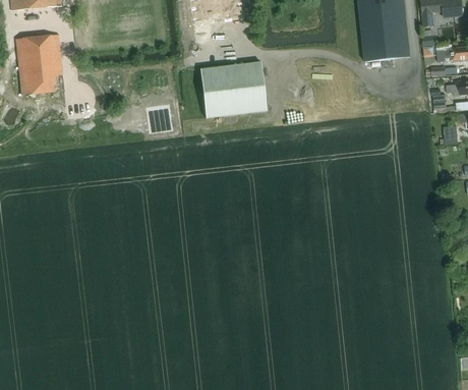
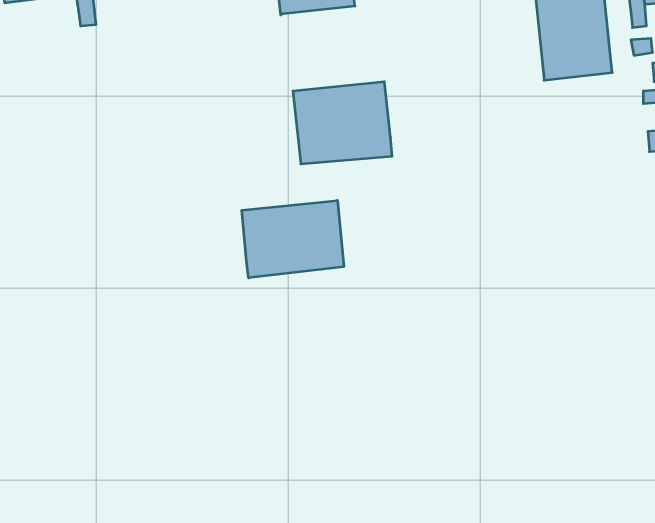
building: [15,35,63,96] -> none
building: none -> [242,200,344,278]

